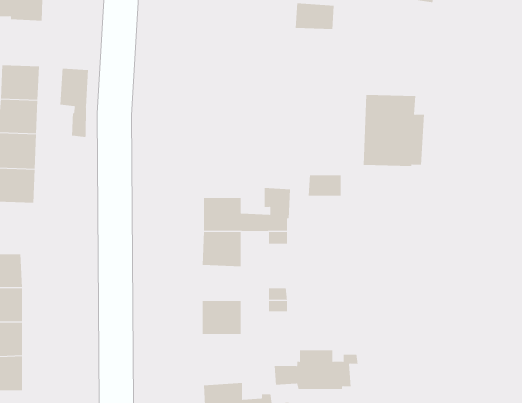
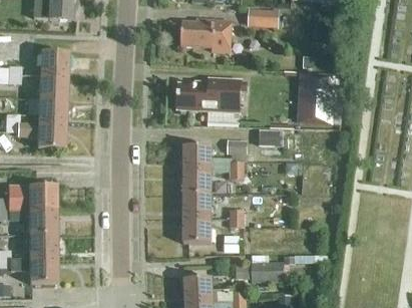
building: none -> [180,19,232,51]
building: [60,68,89,138] -> none
building: none -> [177,76,248,122]
building: none -> [183,194,212,219]

